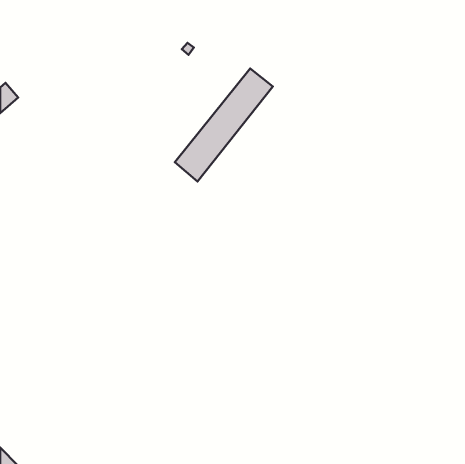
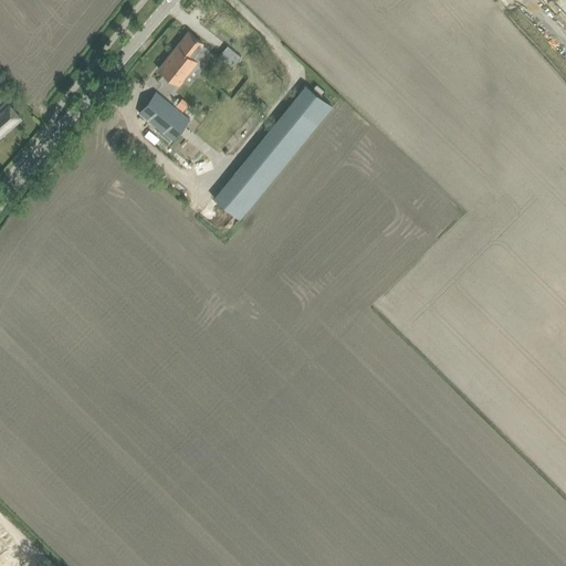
building: none -> [158,33,209,86]
building: none -> [139,94,190,142]

